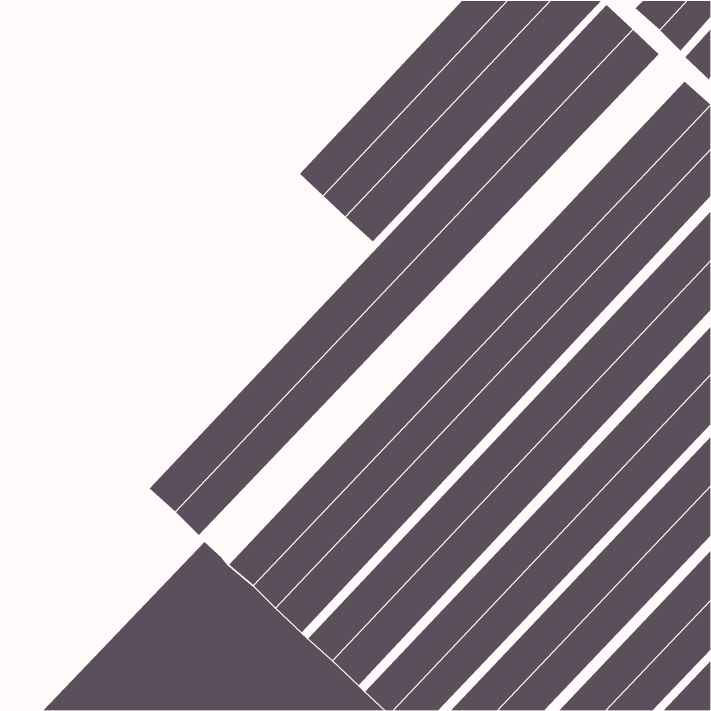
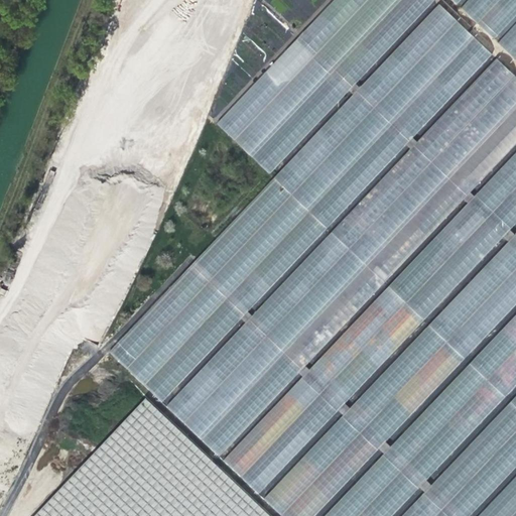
building: none -> [144,39,495,404]

